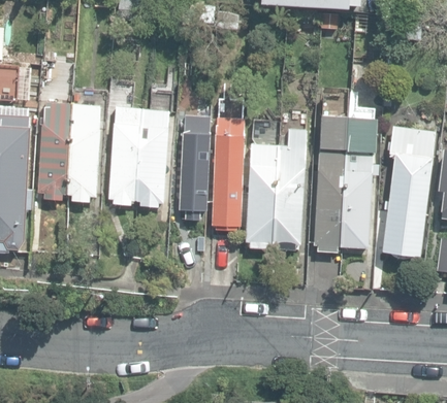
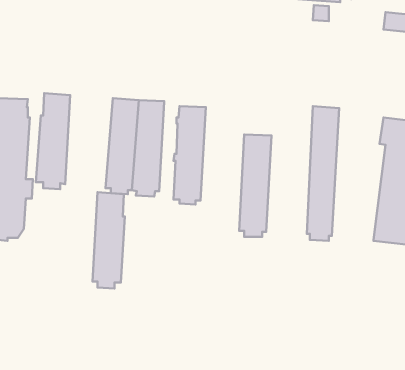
building: [67,103,100,201] -> [92,192,125,288]
building: [340,116,377,247] -> none
building: [212,117,245,230] -> none
building: [273,128,306,248] -> none

